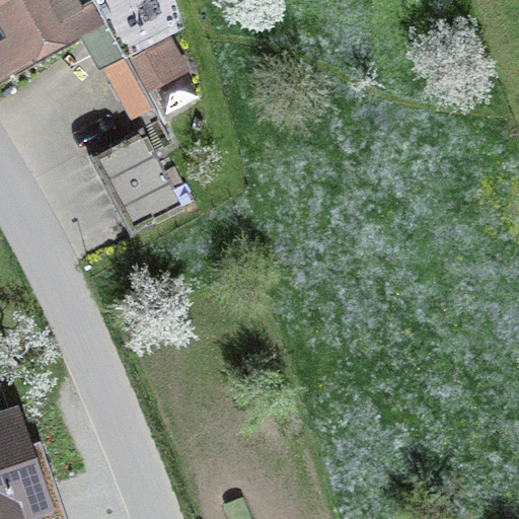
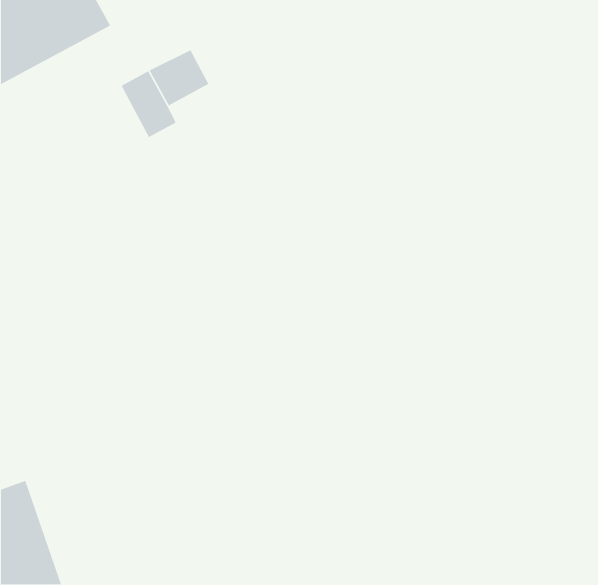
building: [95,142,168,226] -> none

